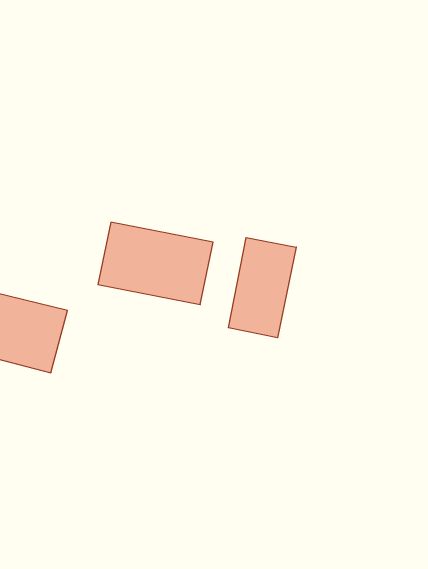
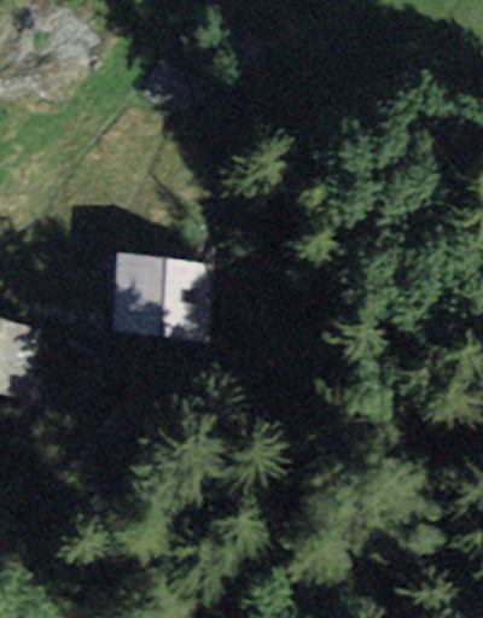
building: [228,238,296,338] -> none

